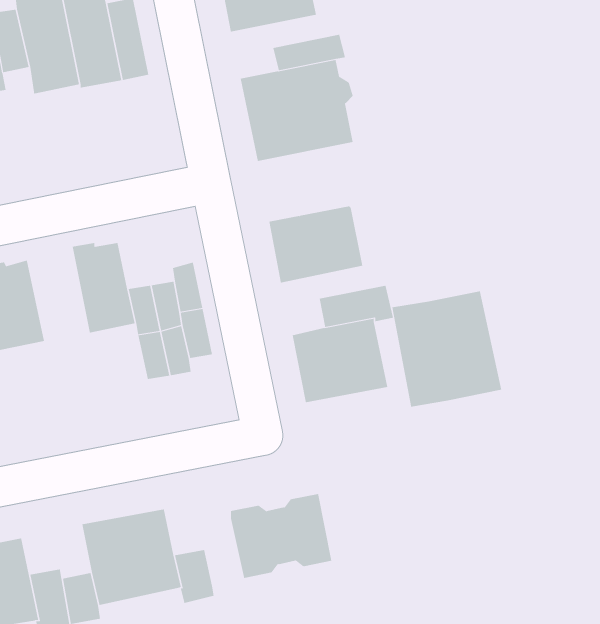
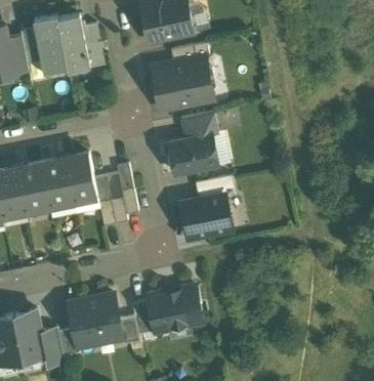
building: none -> [180,114,218,140]
building: none -> [40,157,73,207]
building: [391,291,502,407] -> none
building: none -> [132,301,155,337]

